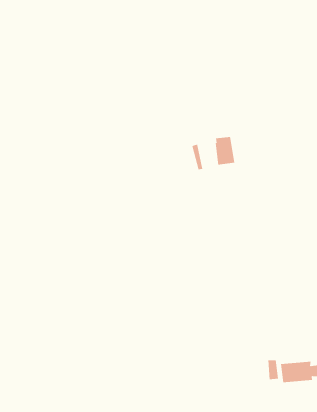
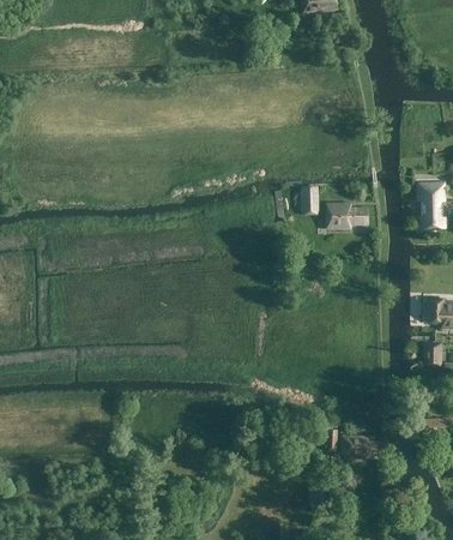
building: none -> [325,206,367,229]

